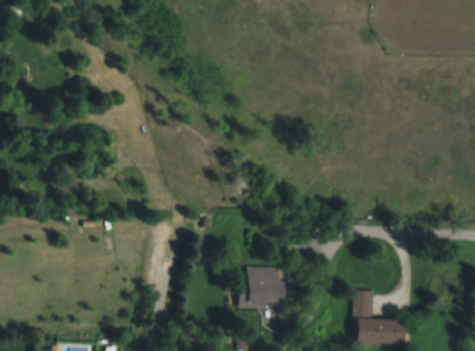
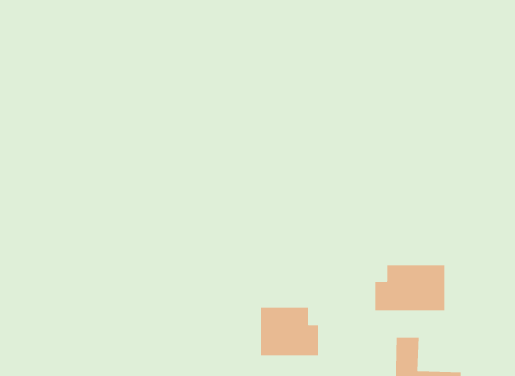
building: none -> [375,264,445,311]

